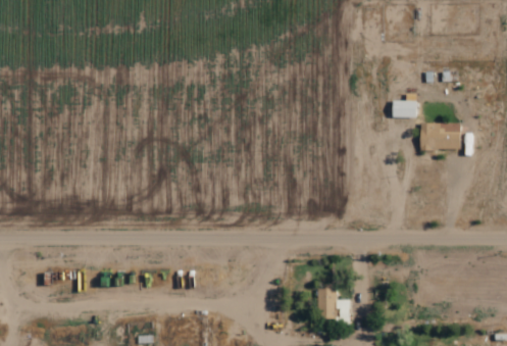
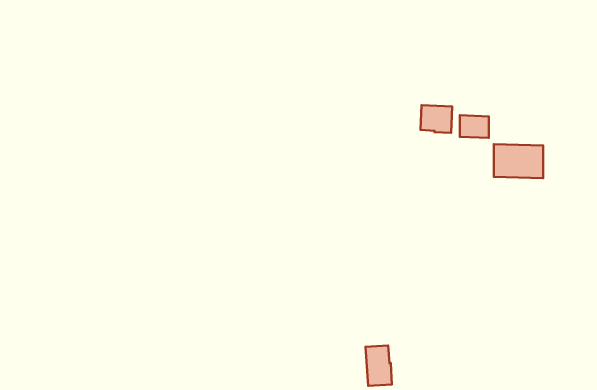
building: none -> [421,105,452,133]

